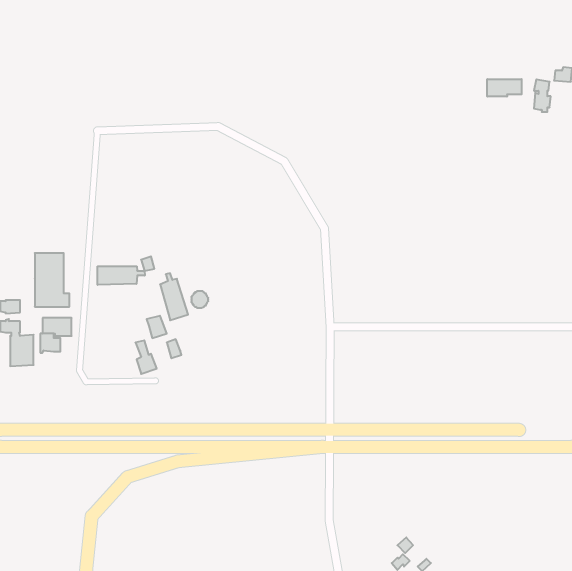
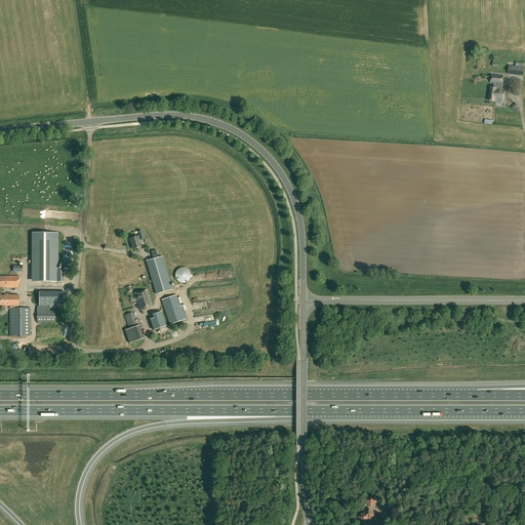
building: [487,79,522,97] -> none
building: [98,266,145,285] -> none
building: none -> [161,294,187,324]

